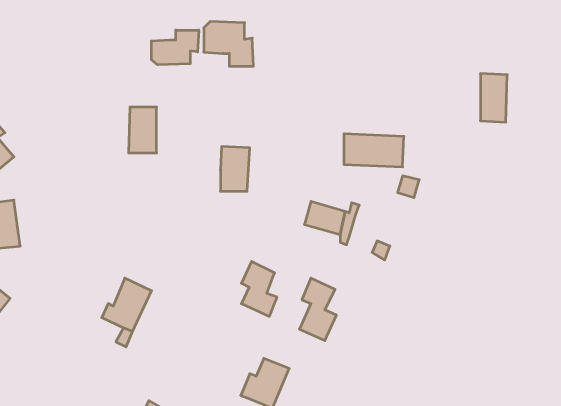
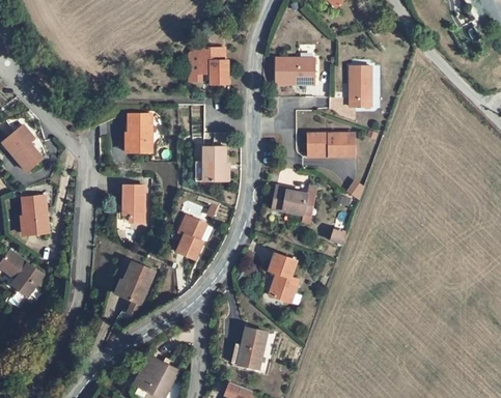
building: [151,30,199,65] -> none
building: none -> [282,61,321,87]
building: [480,74,507,122] -> [352,67,373,107]
building: none -> [123,180,144,221]
building: [241,261,277,316] -> [184,215,213,259]

